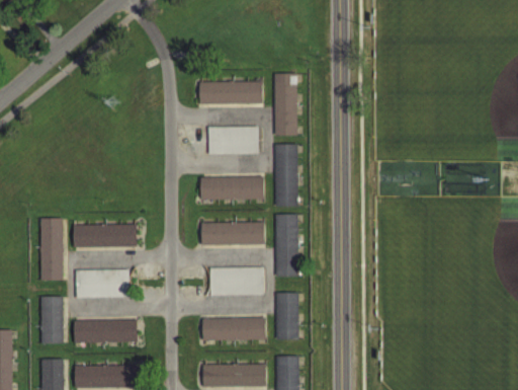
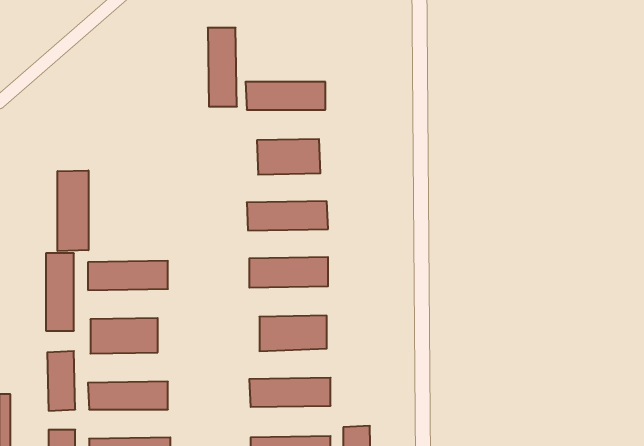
building: [274,73,297,136] -> [208,28,237,107]
building: [274,144,298,206] -> none
building: none -> [58,170,88,251]
building: [275,214,298,277] -> none
building: [276,293,298,339] -> none

